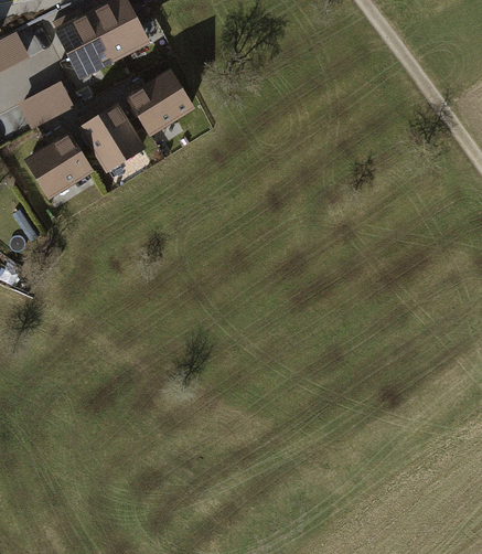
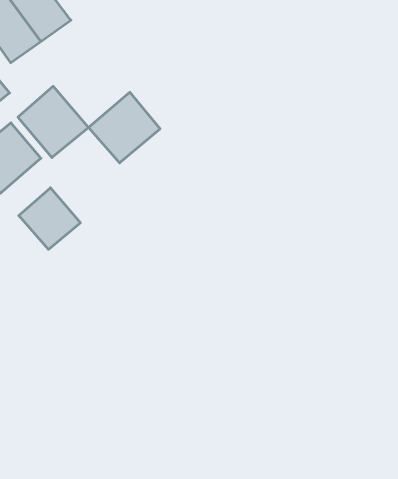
building: [125,70,195,138] -> [89,92,160,163]
building: none -> [19,188,80,249]

